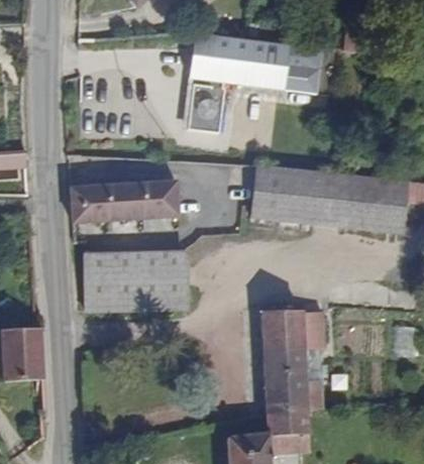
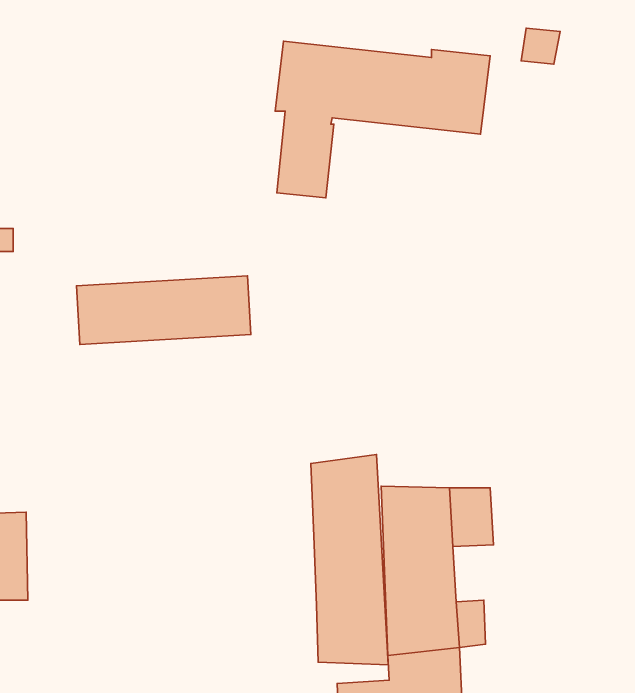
building: [254,167,405,228] -> none
building: [85,259,191,309] -> none
building: none -> [311,454,388,665]

